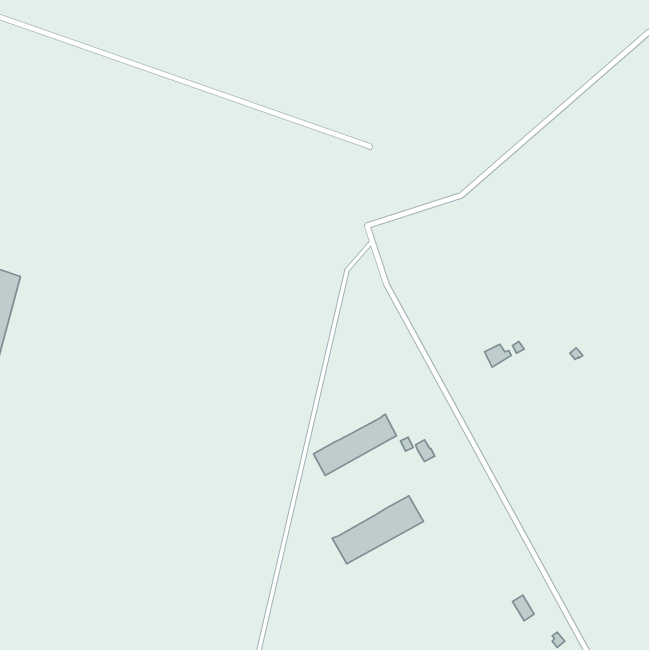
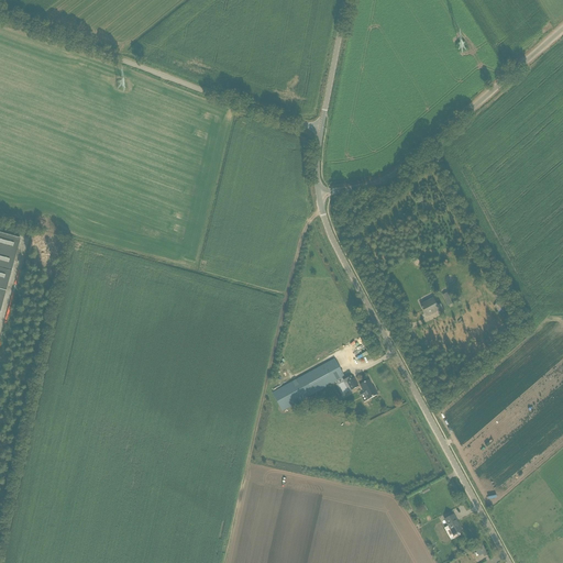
building: [332,496,424,564] -> none

